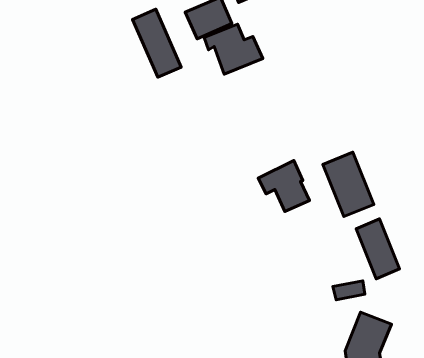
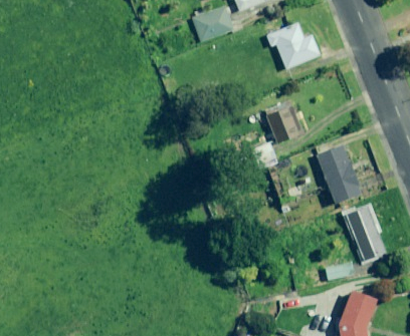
building: [132,9,181,77] -> none
building: [204,24,263,74] -> [267,23,321,68]
building: [258,161,309,212] -> [255,97,301,143]

